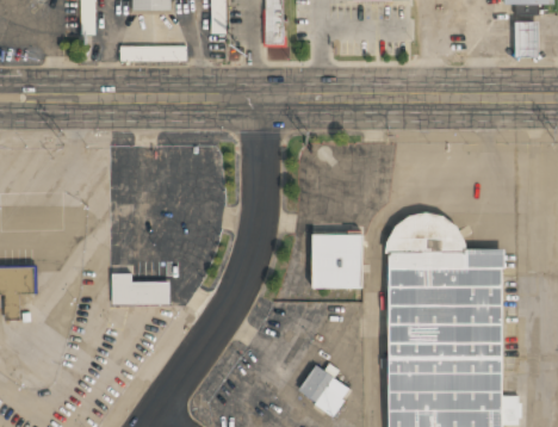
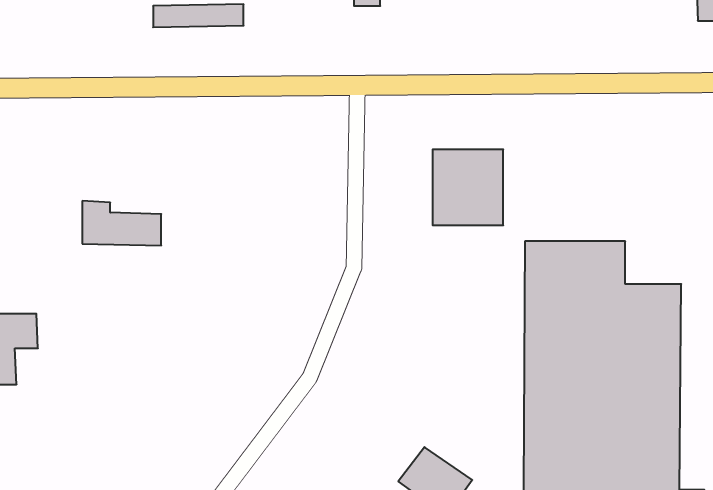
building: [311,235,362,290] -> [433,149,503,225]
building: [111,273,168,305] -> [82,201,161,245]

